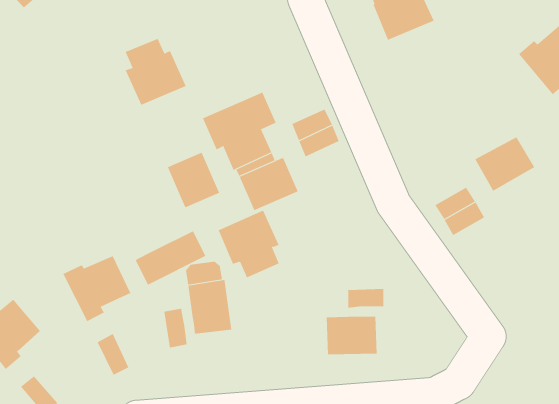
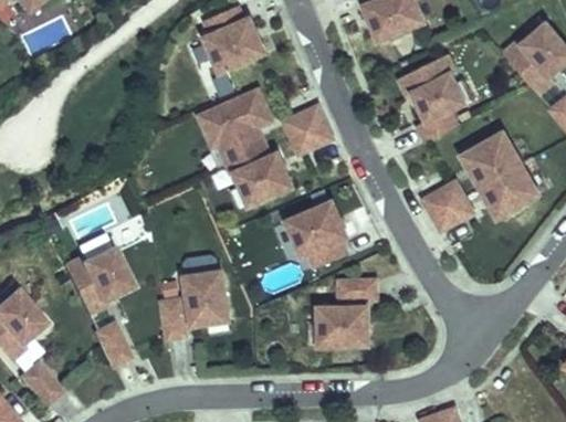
building: [125,38,187,106] -> [203,6,263,71]
building: none -> [398,54,463,140]
building: [167,152,220,208] -> none
building: none -> [479,162,537,217]
building: [218,210,280,278] -> [286,201,346,267]
building: [135,230,206,286] -> none

